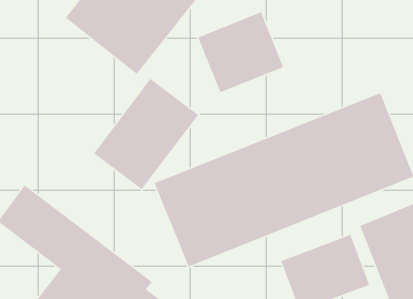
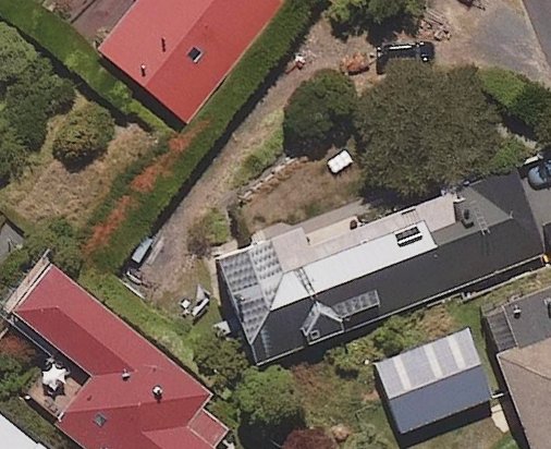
building: [197,11,284,93] -> none
building: [93,78,199,190] -> none

